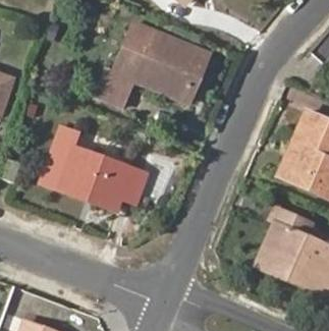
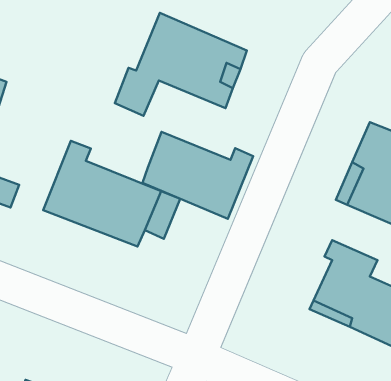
building: none -> [142,132,253,219]

